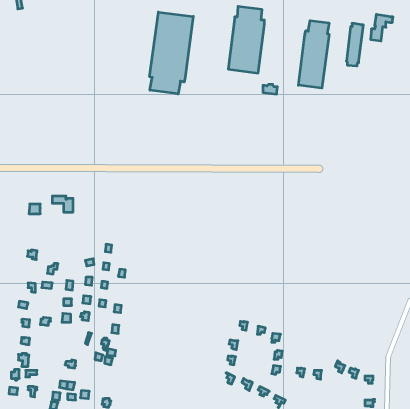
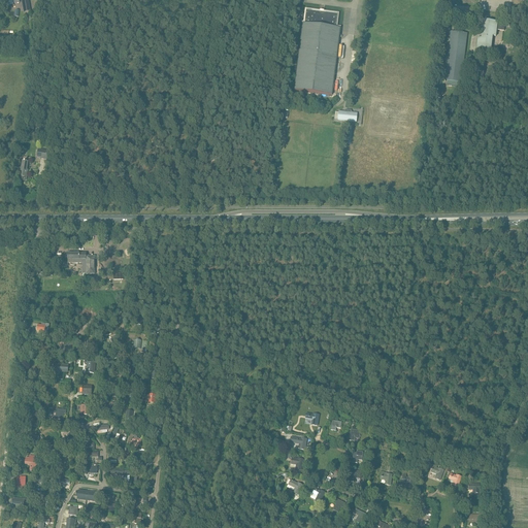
building: [150,12,193,94] -> none
building: [298,21,329,88] -> none

